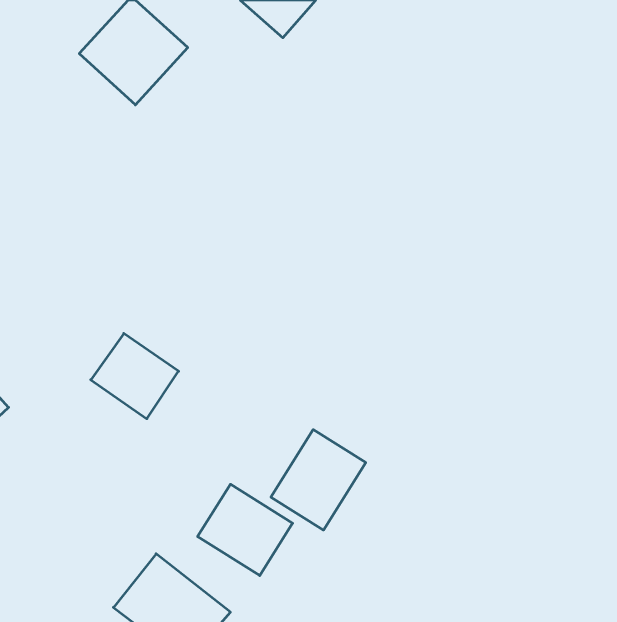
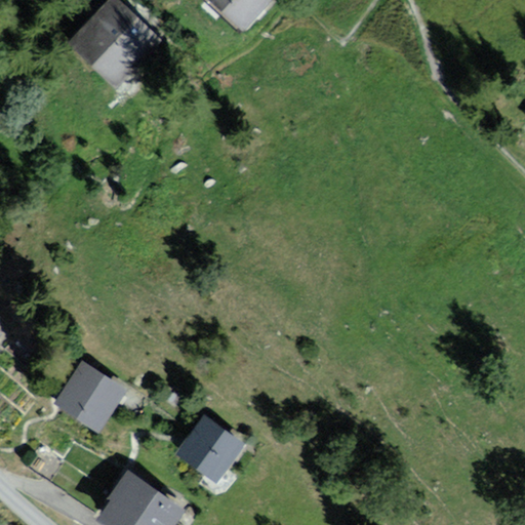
building: [91,333,179,419] -> [53,359,127,431]
building: [271,430,366,530] -> none

